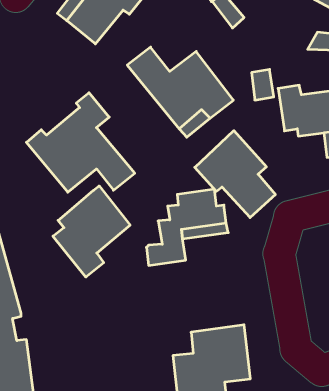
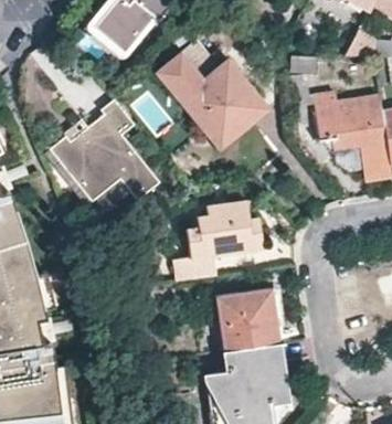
building: [195,131,275,218] -> none
building: [53,186,130,277] -> none
building: none -> [219,285,280,350]

